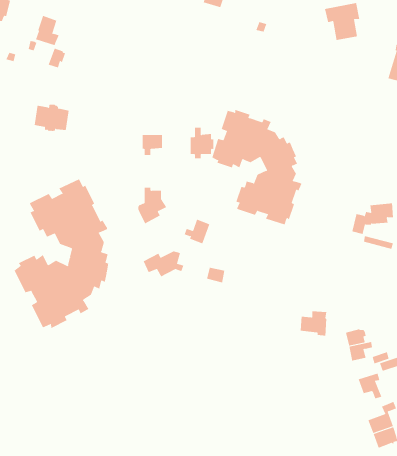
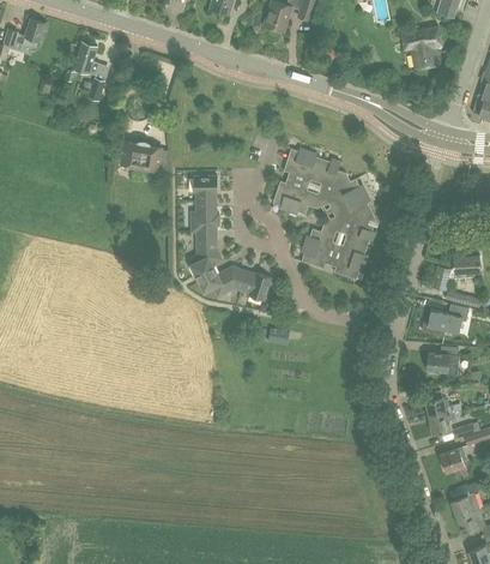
building: [34,104,70,131] -> [120,139,161,170]
building: [190,127,214,159] -> [190,199,218,235]
building: [14,178,109,329] -> none
building: none -> [421,305,467,335]
building: [143,251,184,277] -> [196,265,243,295]
building: [300,311,327,336] -> [427,346,458,374]

